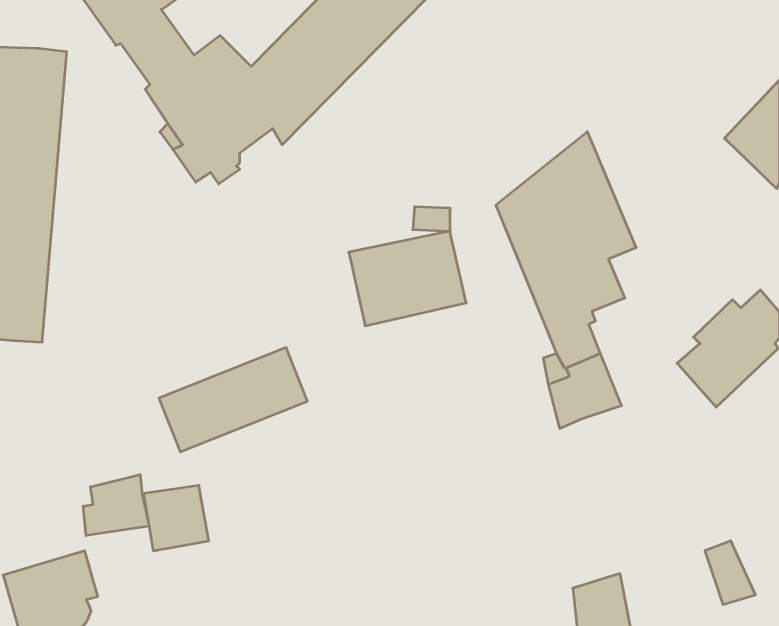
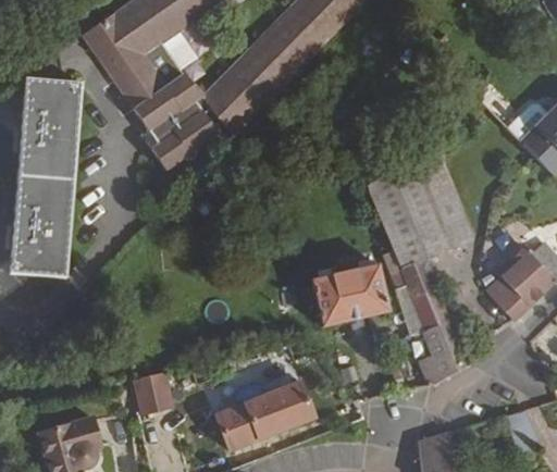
building: [349,231,466,326] -> [310,263,388,326]
building: [159,348,307,452] -> [215,381,314,450]
building: none -> [421,319,469,385]
building: [83,475,149,536] -> none

